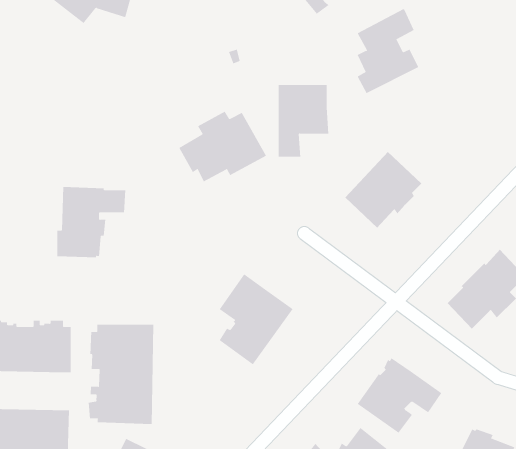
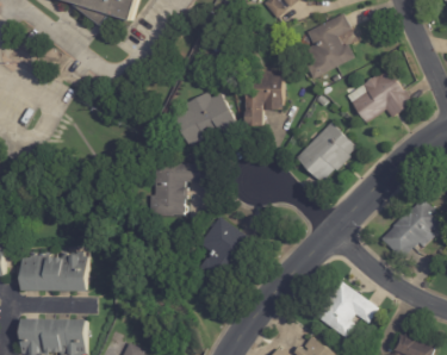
building: none -> [346,66,414,122]
building: [56,187,126,258] -> [150,161,204,216]
building: [88,324,154,425] -> none

